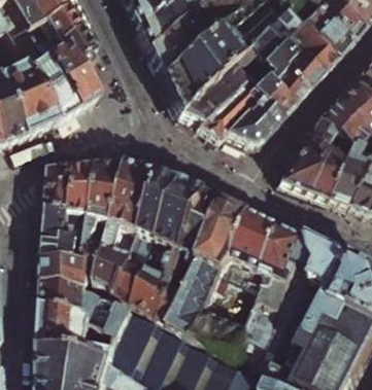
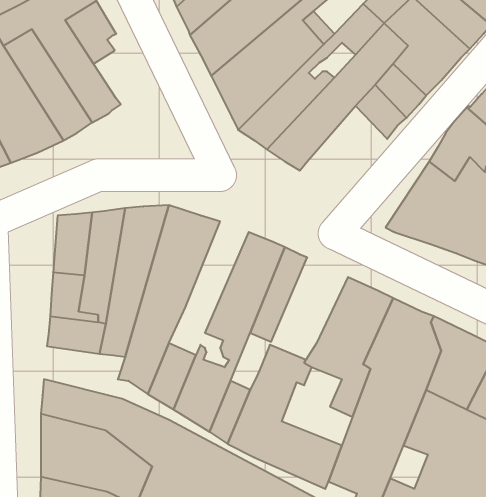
building: [226,97,280,145] -> none
building: [142,176,185,255] -> none
building: [200,201,253,271] -> none
building: [45,261,101,297] -> none

